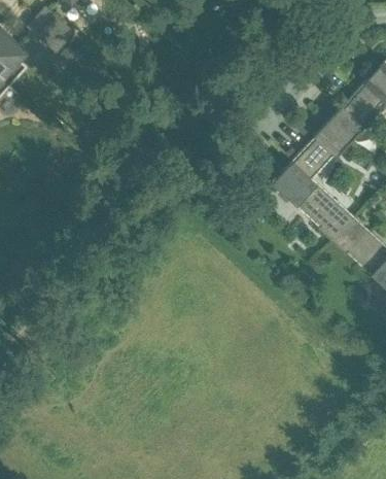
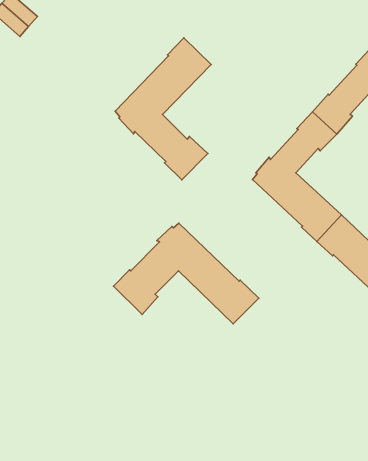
building: none -> [115,38,211,180]
building: none -> [113,223,259,324]

